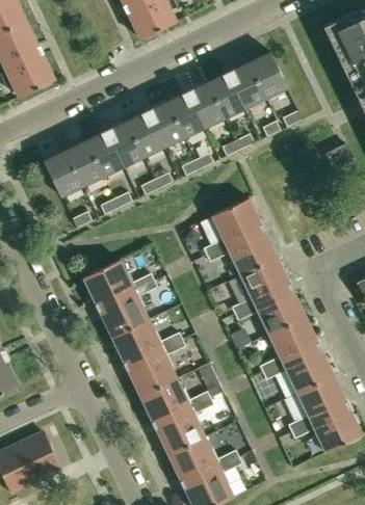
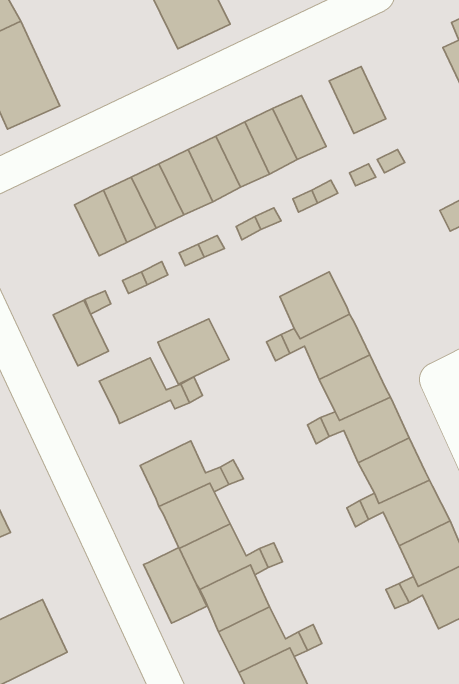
building: [228,62,265,109] -> none
building: [44,151,83,197] -> [53,300,109,366]
building: [98,290,149,337] -> [158,319,229,384]
building: none -> [144,548,207,623]

